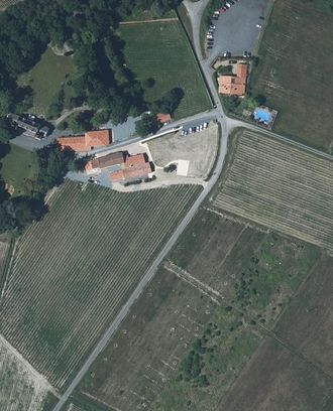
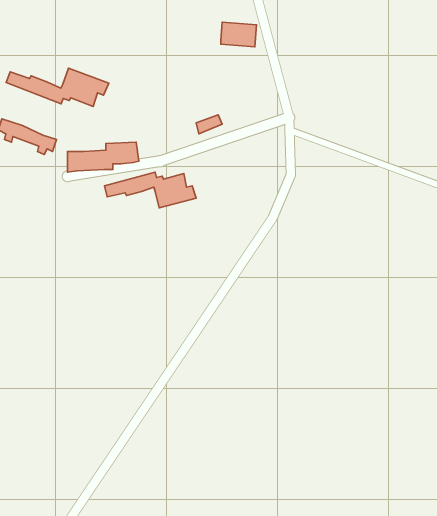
building: none -> [6,68,109,107]
building: [218,76,244,94] -> [221,22,256,47]

